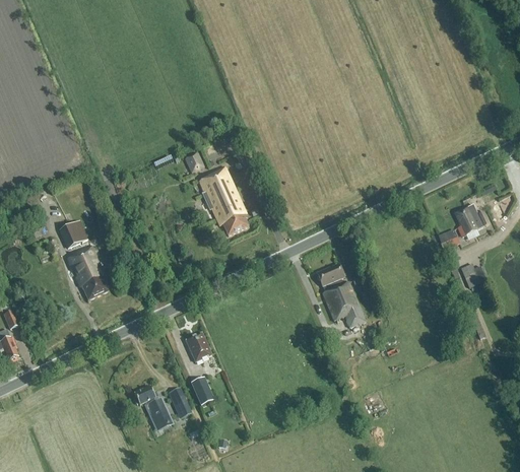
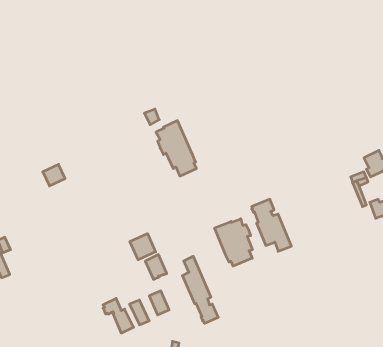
building: [66,246,108,298] -> none
building: none -> [215,219,252,266]
building: none -> [130,234,156,260]
building: none -> [182,256,218,323]

